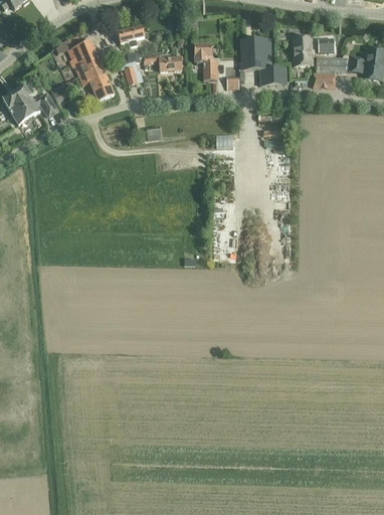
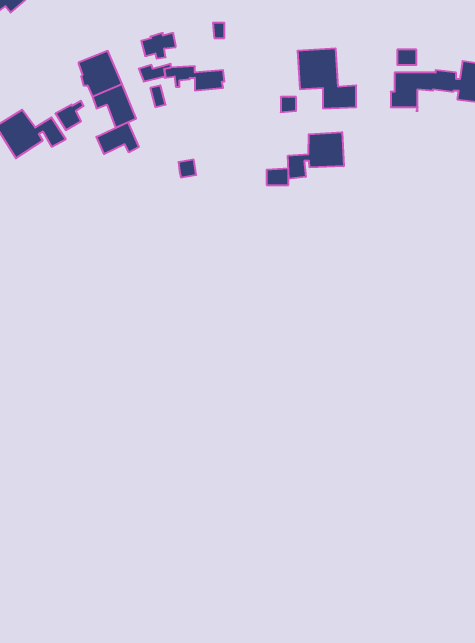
building: [293,37,312,65] -> none
building: [193,44,217,80] -> none
building: none -> [96,122,139,154]
building: none -> [288,132,344,179]

